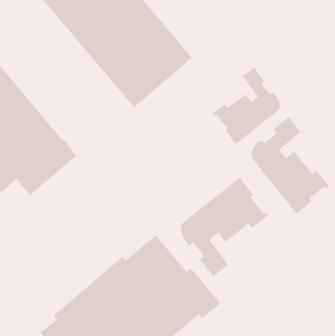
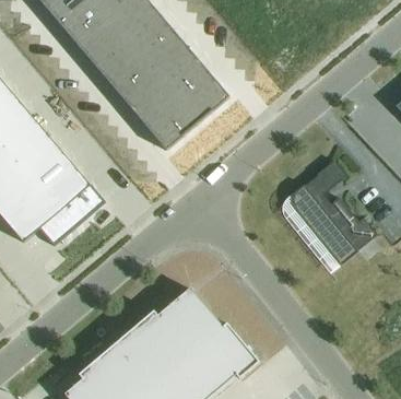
building: [212,67,280,145] -> none
building: [180,177,269,277] -> none

